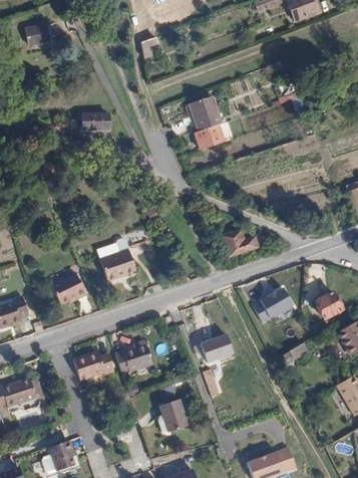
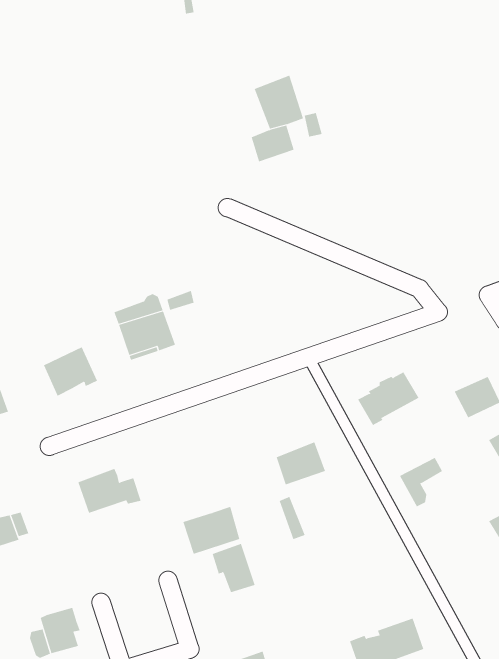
building: [82,117,112,136] -> none
building: [225,225,261,252] -> none
building: [115,342,152,374] -> [182,506,240,555]

